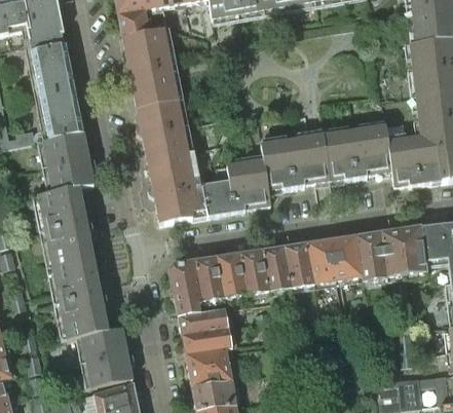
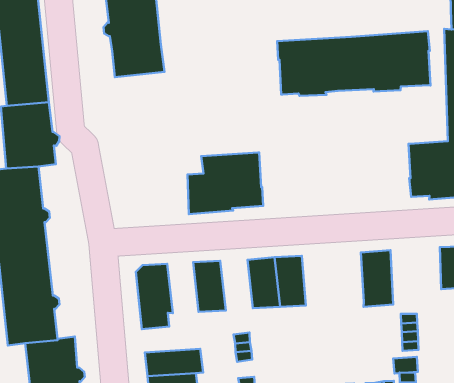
building: [136,99,209,223] -> none
building: [260,124,391,188] -> [277,31,430,96]
building: [380,225,426,276] -> none
building: [306,235,362,284] -> none
building: [238,250,269,294] -> none
building: [194,256,224,300] -> none
building: [178,308,228,335] -> none

